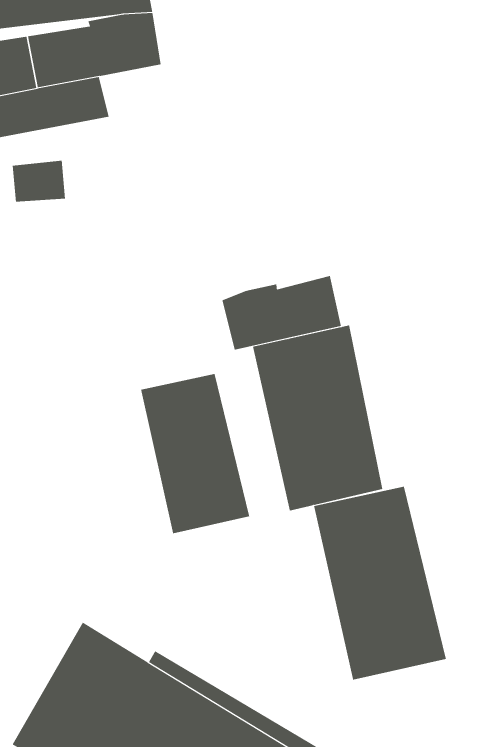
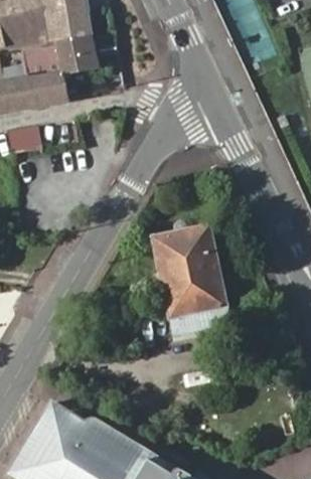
building: [222,275,341,351] -> none
building: [140,373,250,534] -> none
building: [313,486,446,681] -> none

